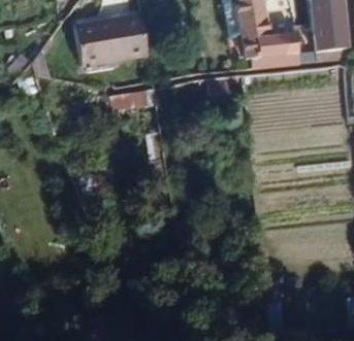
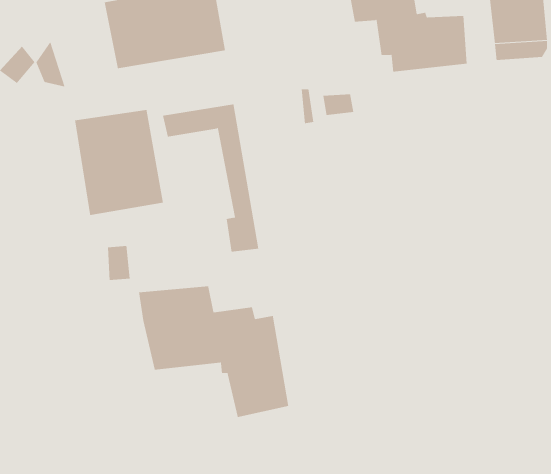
building: none -> [75,109,163,216]
building: none -> [139,286,289,418]

